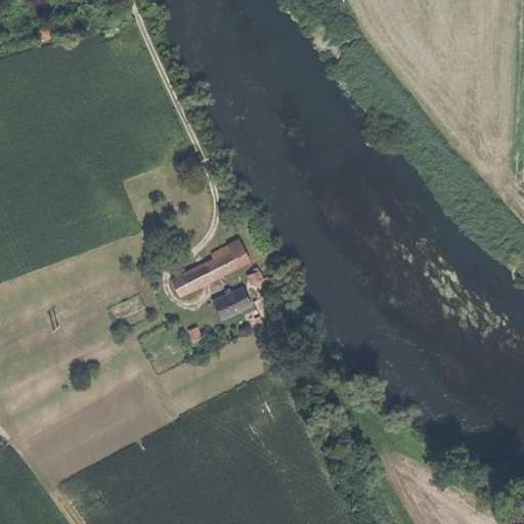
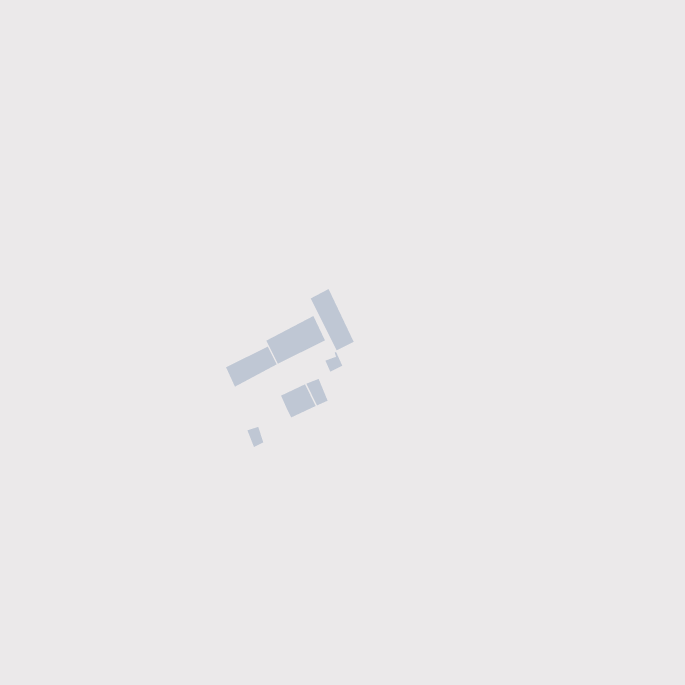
building: none -> [310,288,354,351]

